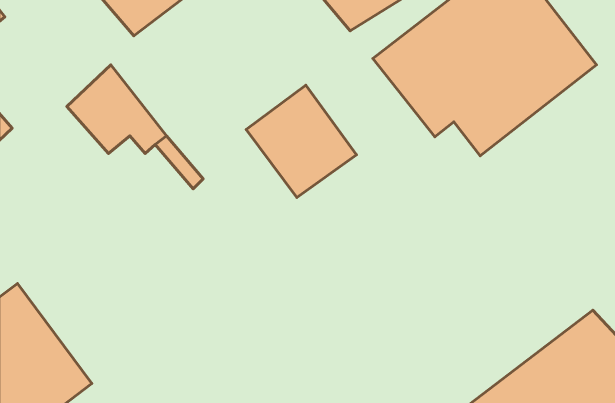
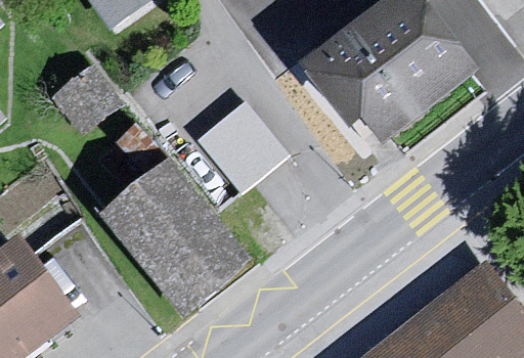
building: none -> [98,158,256,314]

